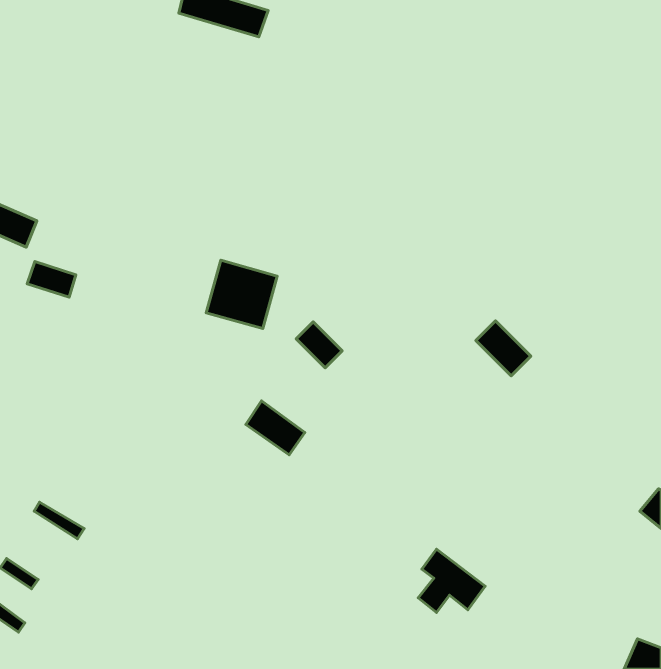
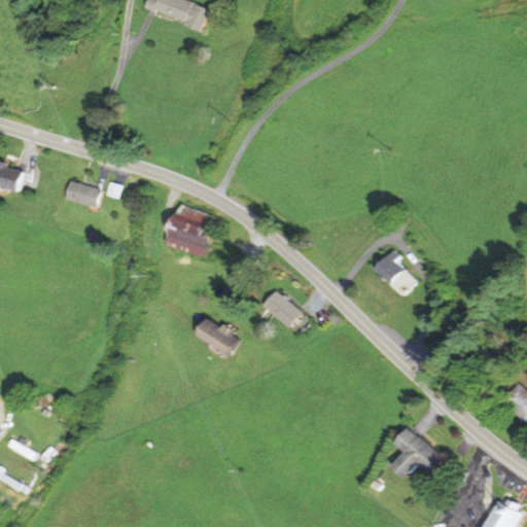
building: [27,262,76,297] -> [63,180,101,208]
building: [296,322,342,368] -> [265,290,301,326]
building: [418,549,485,612] -> [393,428,446,478]

